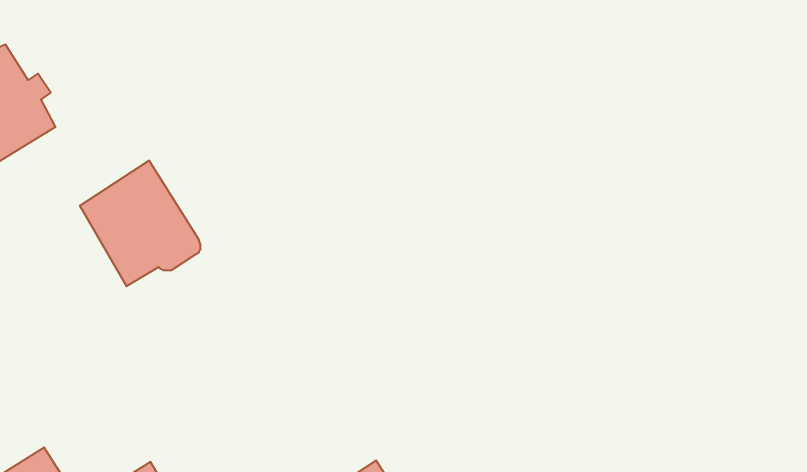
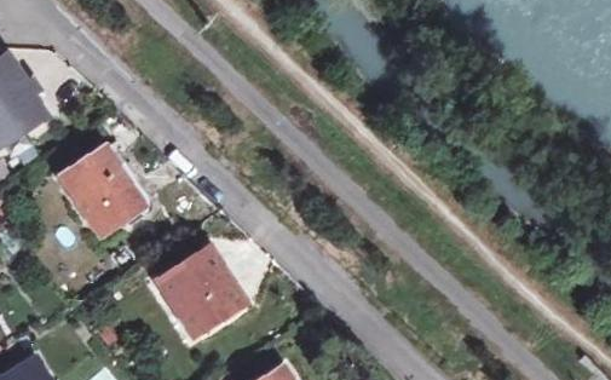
building: none -> [158,246,243,334]

